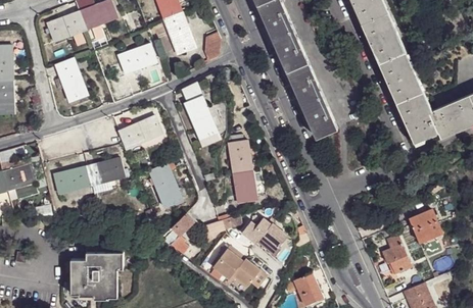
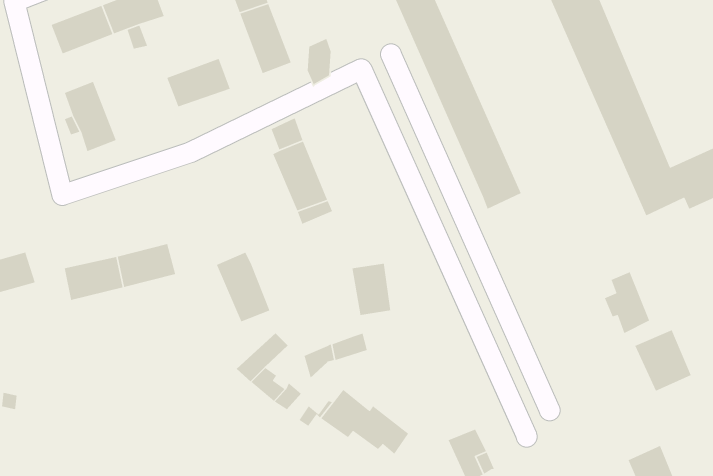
building: [117,116,161,150] -> none
building: [228,140,252,173] -> none
building: [241,217,288,256] -> none
building: [381,236,410,274] -> [604,271,650,334]
building: [72,244,124,297] -> none

